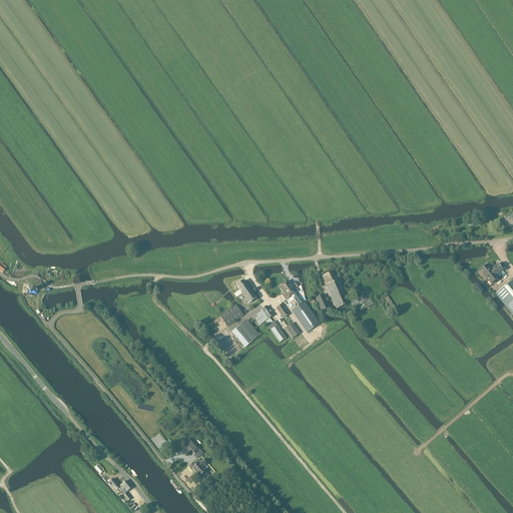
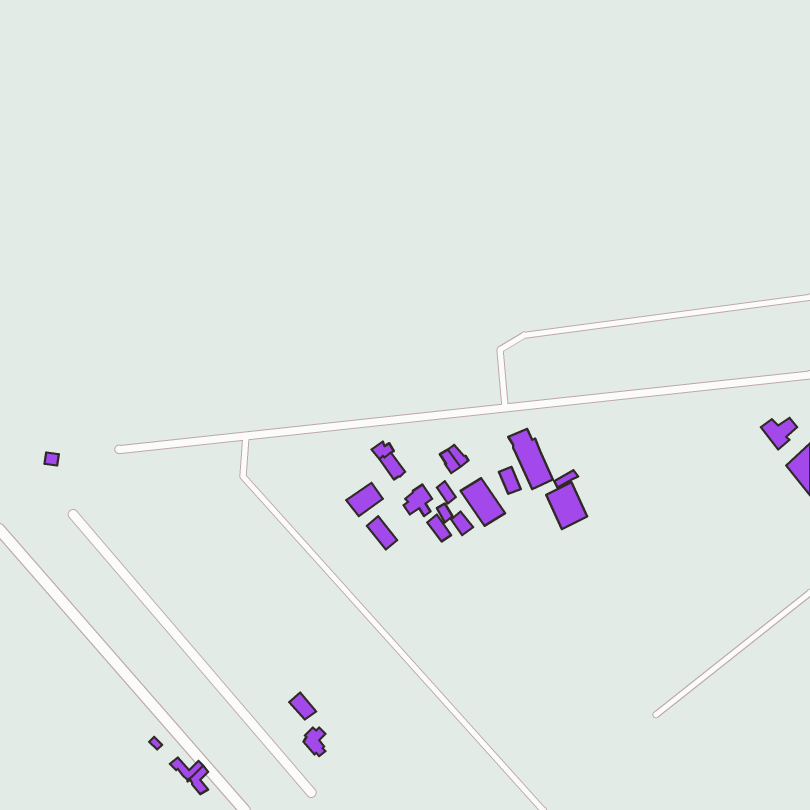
building: none -> [546,482,587,529]

